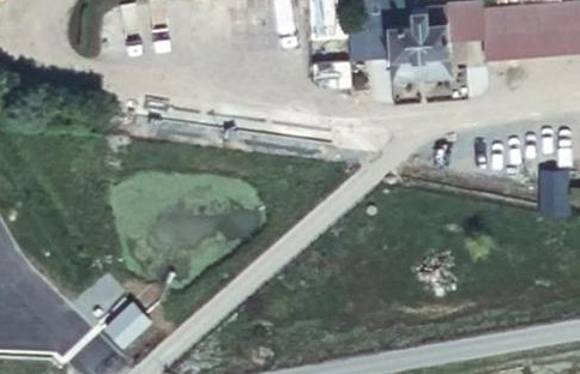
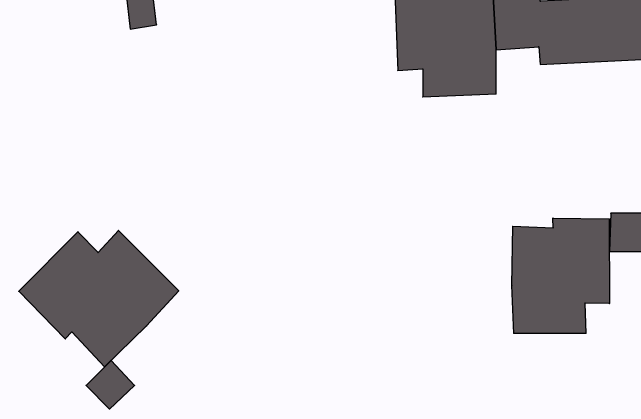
building: none -> [512,218,609,333]
building: none -> [19,230,179,367]

